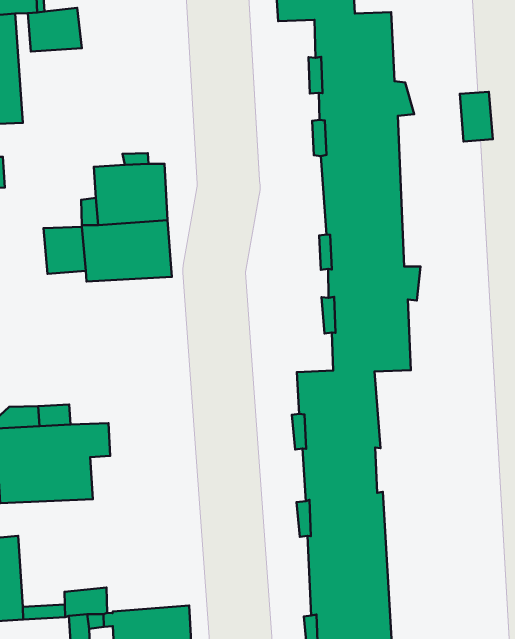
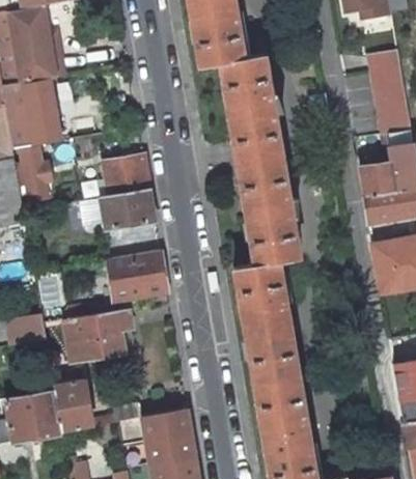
building: none -> [108,249,167,300]

